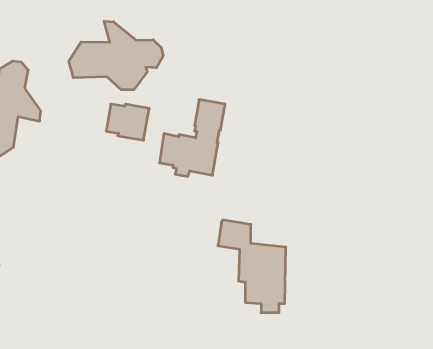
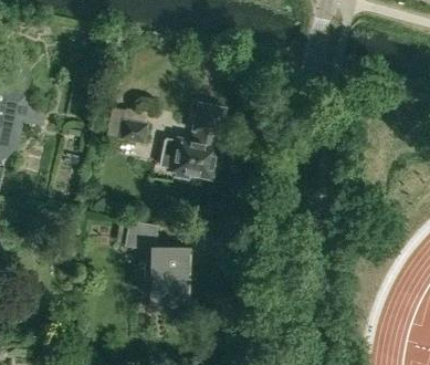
building: [69,21,163,90] -> none
building: [218,220,286,313] -> [125,221,191,312]

